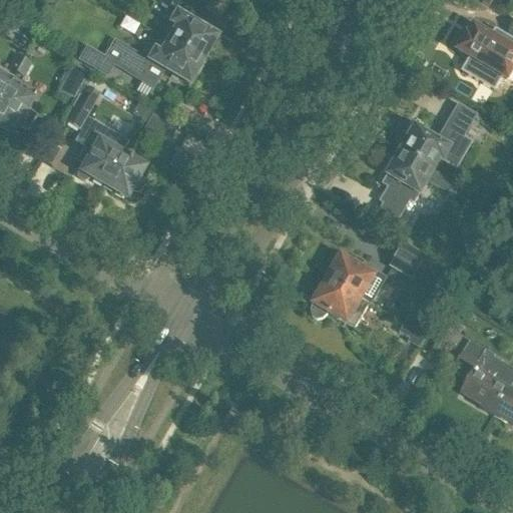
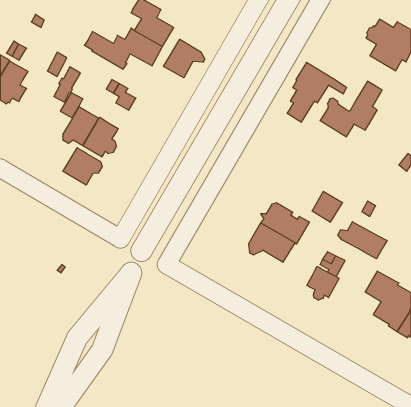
building: [79,46,115,76] -> none
building: none -> [164,39,205,78]
building: [375,150,449,224] -> [287,62,347,122]
building: none -> [63,148,102,185]
building: none -> [338,222,387,259]
building: none -> [307,267,339,300]

